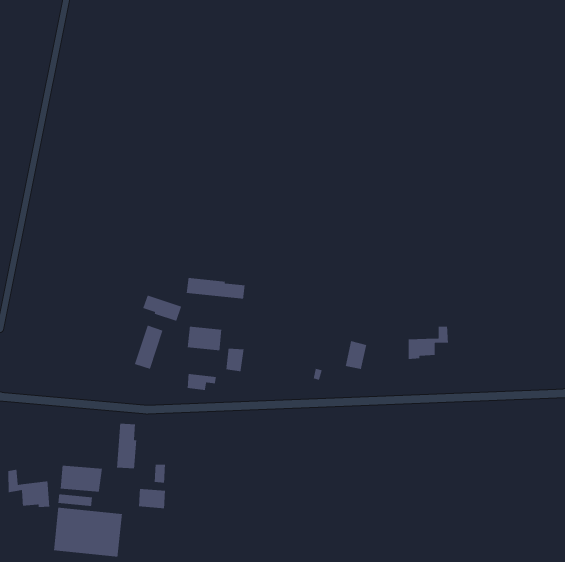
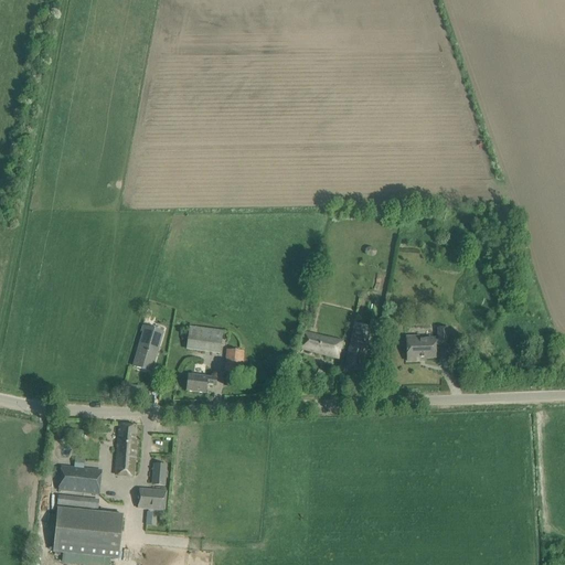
building: [186,277,245,299] -> none
building: [142,295,182,322] -> none
building: none -> [301,331,342,356]
building: [7,469,50,508] -> none

